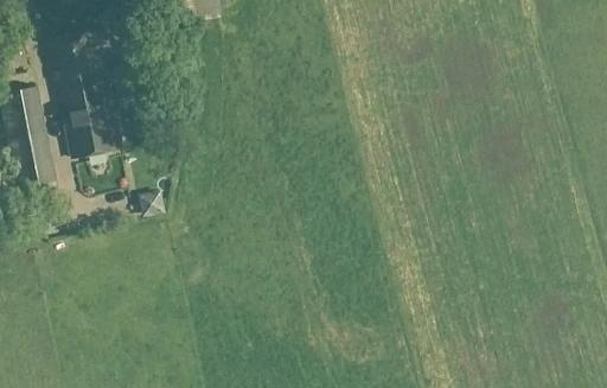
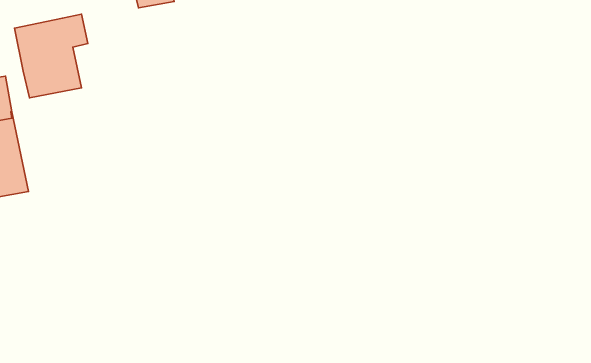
building: [70,95,129,155] -> none

